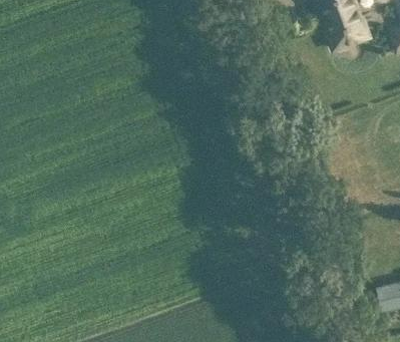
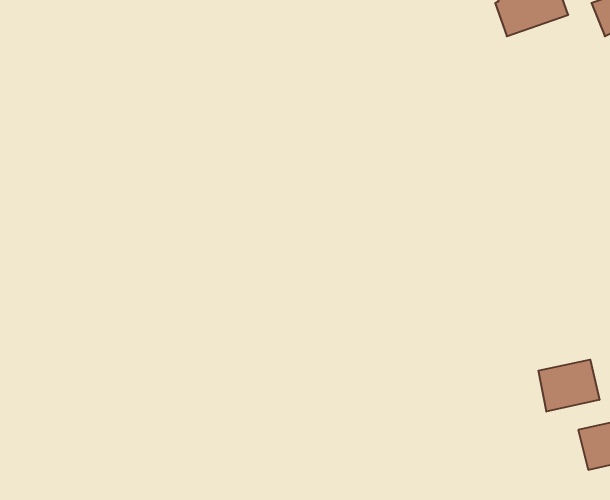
building: none -> [538,360,599,412]

